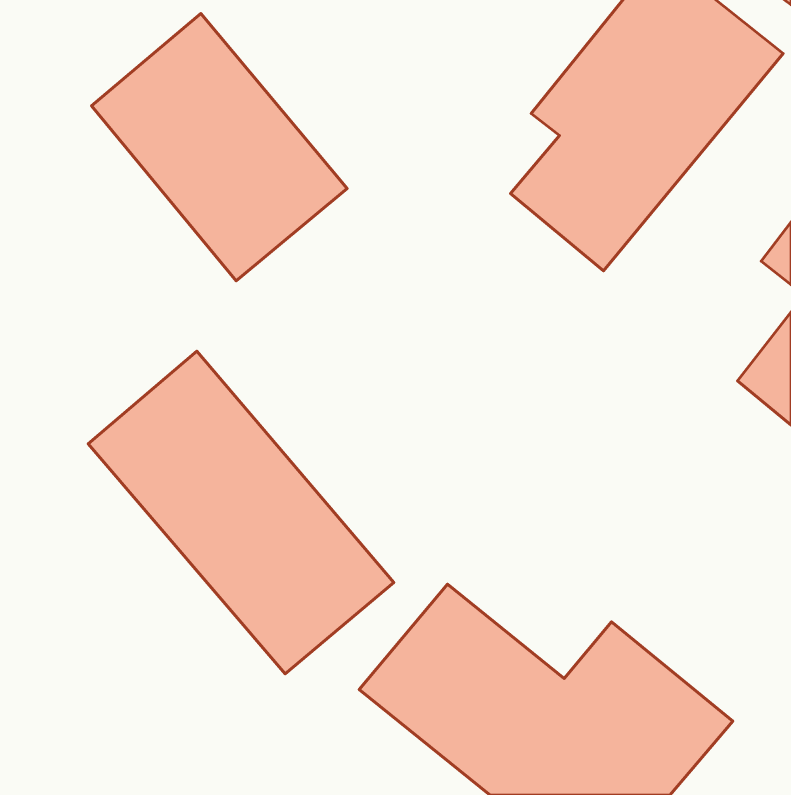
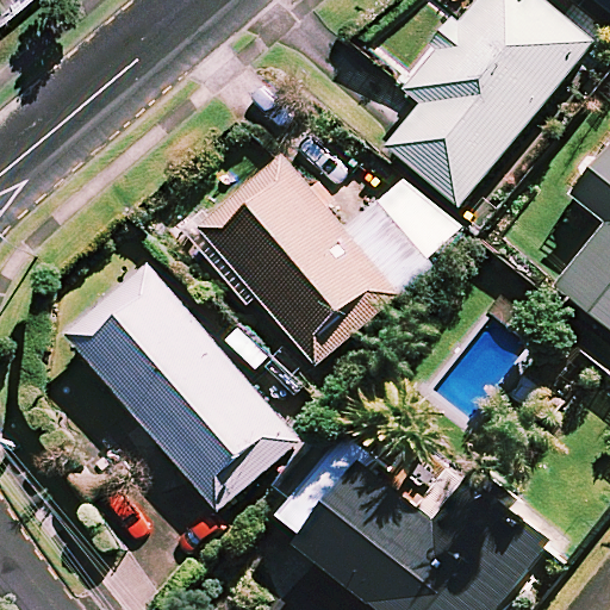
building: [91,14,347,281] -> none
building: none -> [192,158,460,366]

